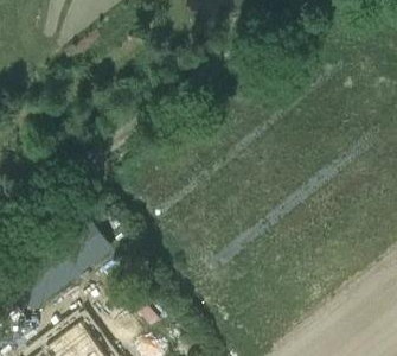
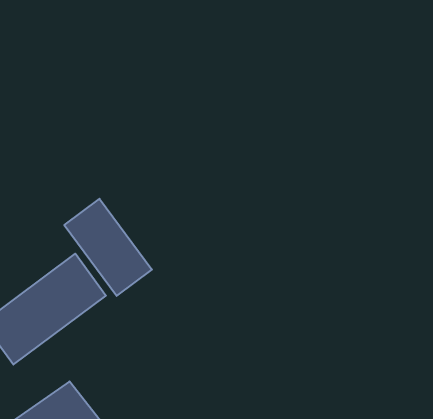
building: none -> [64,199,152,296]

